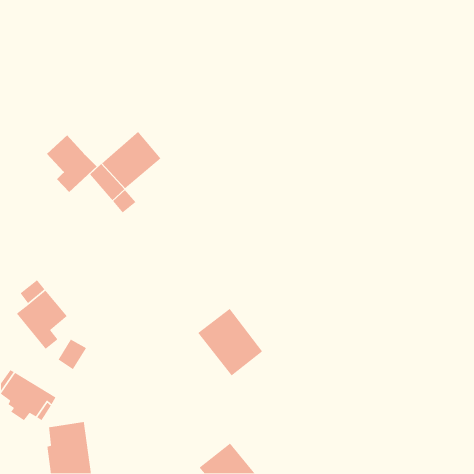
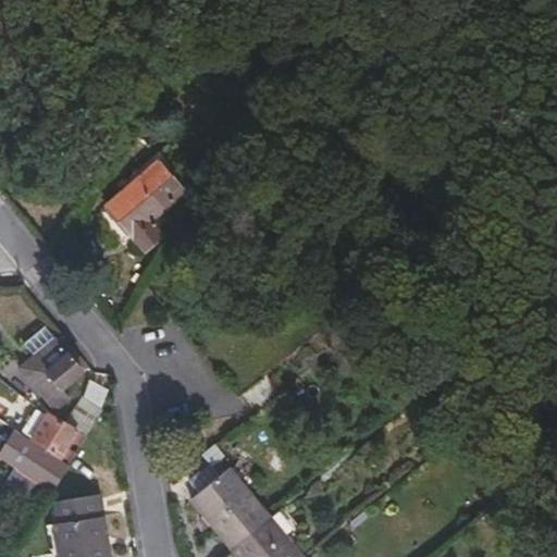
building: [46,134,97,193] -> none
building: [197,308,263,376] -> [193,468,270,548]
building: none -> [30,413,75,458]

